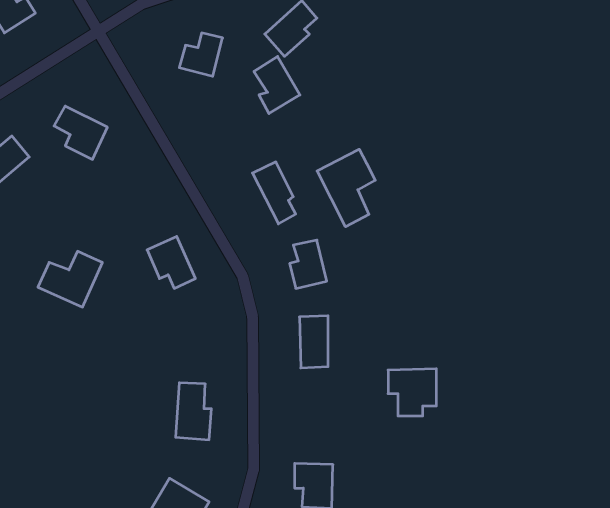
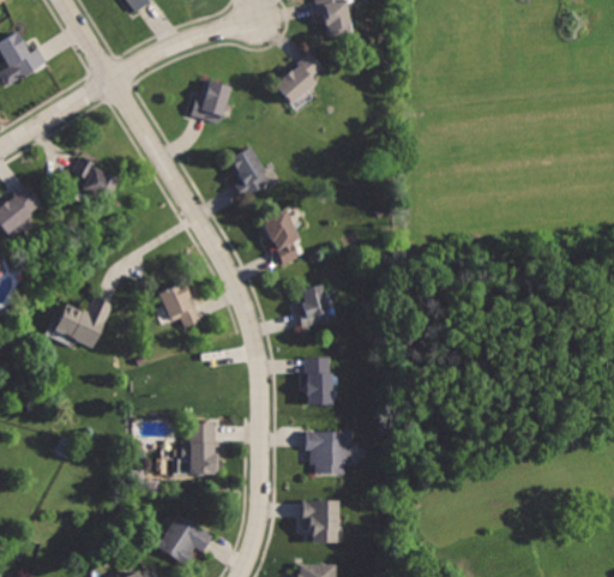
building: [254,56,300,114] -> [228,144,272,199]
building: [317,149,375,227] -> none
building: [388,369,436,416] -> [306,427,353,473]

